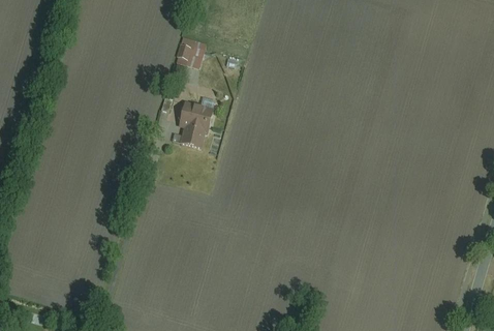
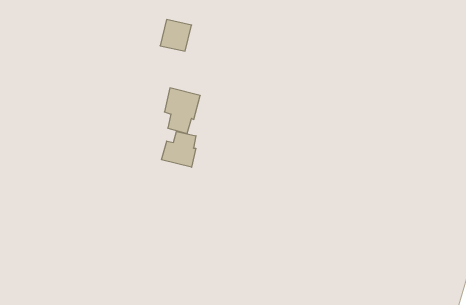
building: none -> [162,131,196,167]

